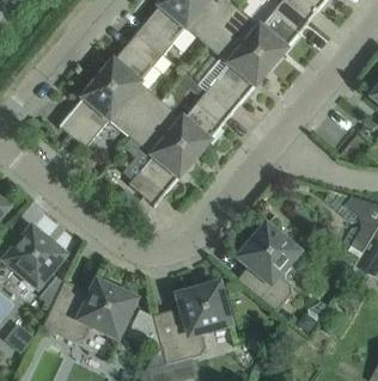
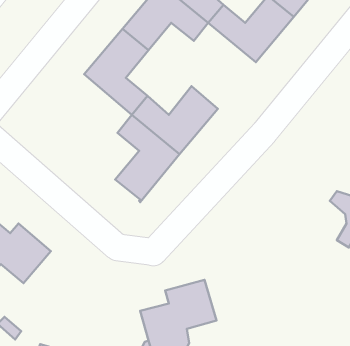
building: [205,26,269,112] -> none
building: [57,78,145,147] -> none
building: [237,223,298,309] -> none
building: [43,279,134,340] -> none

